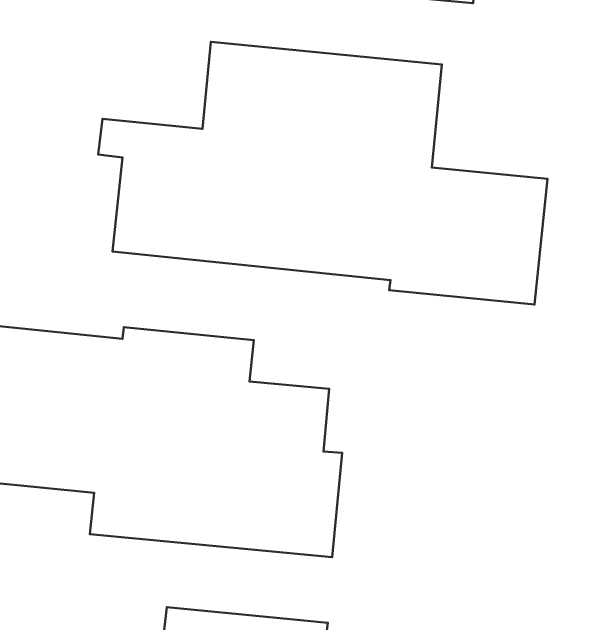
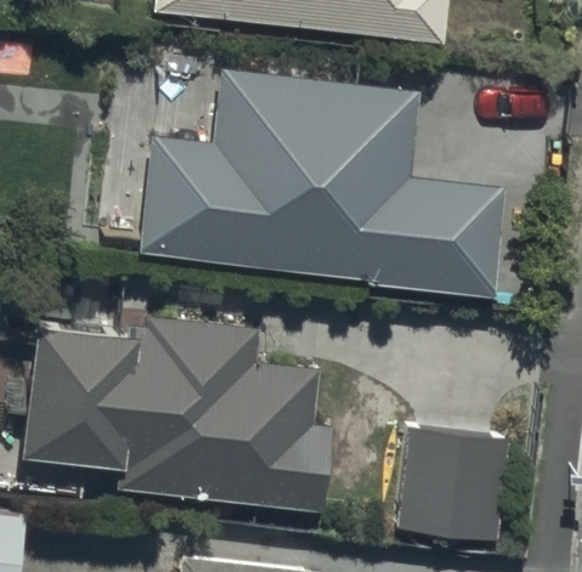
building: none -> [386,429,507,539]

